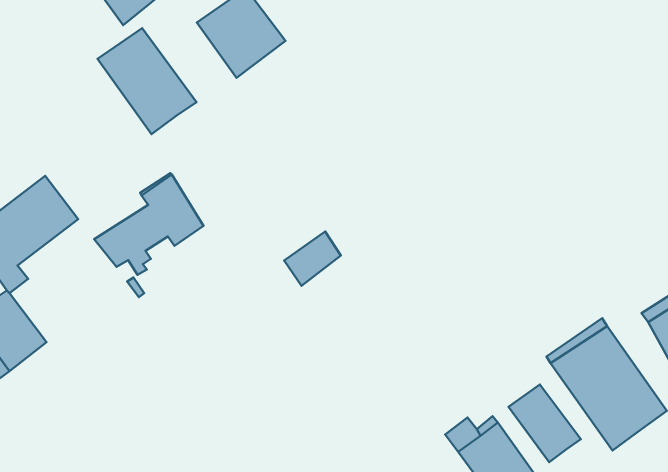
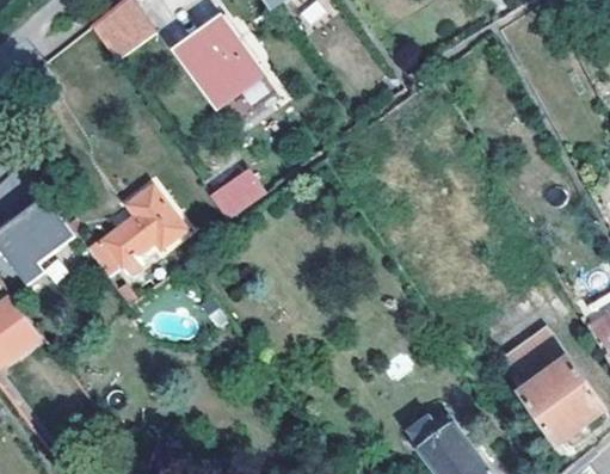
building: [98,28,196,134] -> none
building: [284,232,341,286] -> [211,168,263,217]
building: [509,385,581,462] -> none

